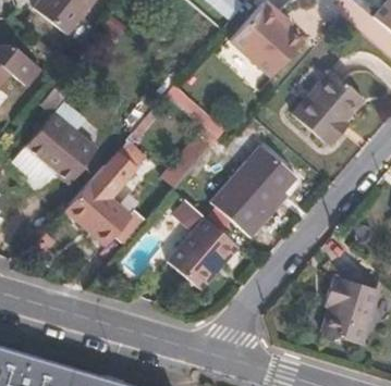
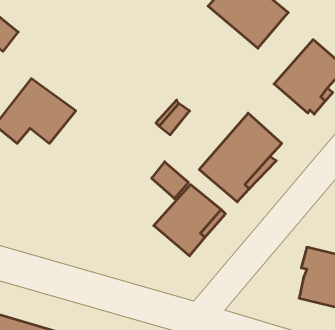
building: [64,141,146,245] -> none

